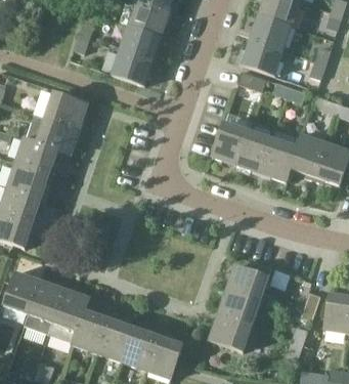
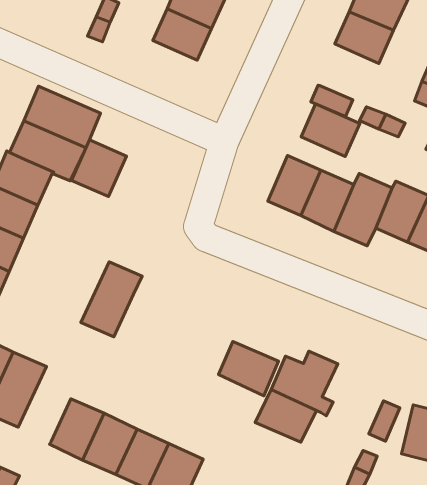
building: [242,40,282,76] -> [301,104,360,157]
building: [112,49,152,85] -> none
building: none -> [71,140,126,197]
building: [48,289,89,342] -> [81,262,142,337]
building: [209,315,251,352] -> [219,341,279,396]

